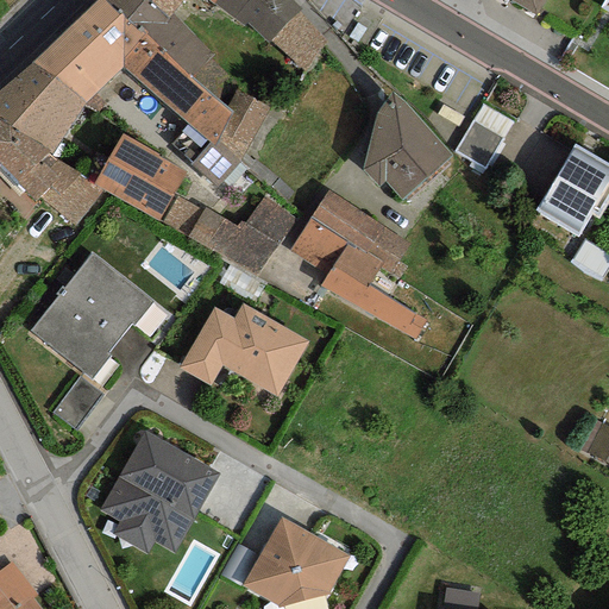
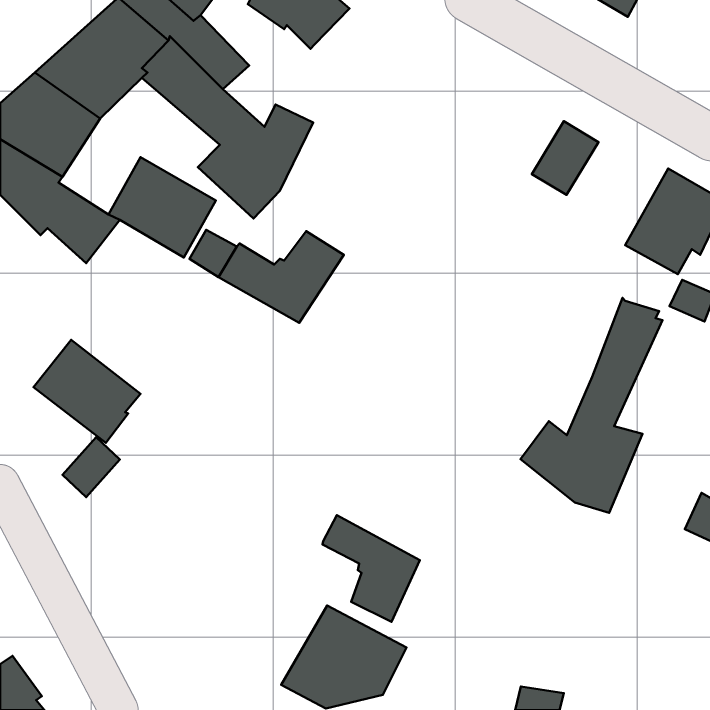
building: [270,7,325,69] -> none
building: [363,92,452,199] -> none
building: [289,190,425,338] -> none
building: [62,252,153,337] -> none
building: none -> [520,298,663,513]
building: [178,302,309,397] -> none
building: [99,429,220,554] -> none
building: none -> [323,515,420,622]

